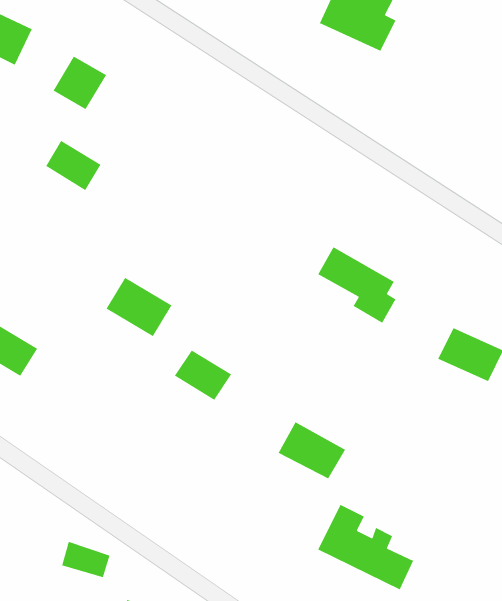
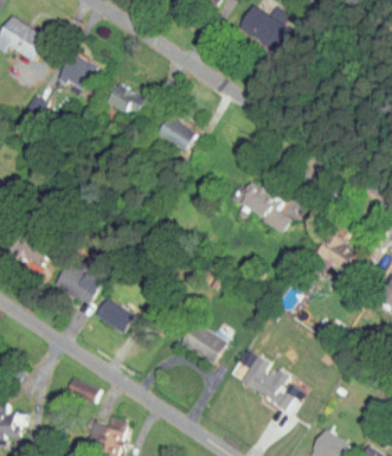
building: [45,140,102,191] -> [107,82,144,116]
building: none -> [156,116,193,148]
building: [105,277,173,337] -> [53,263,98,303]
building: [174,350,232,401] -> [94,297,133,332]
building: [277,421,346,480] -> [179,322,225,361]

